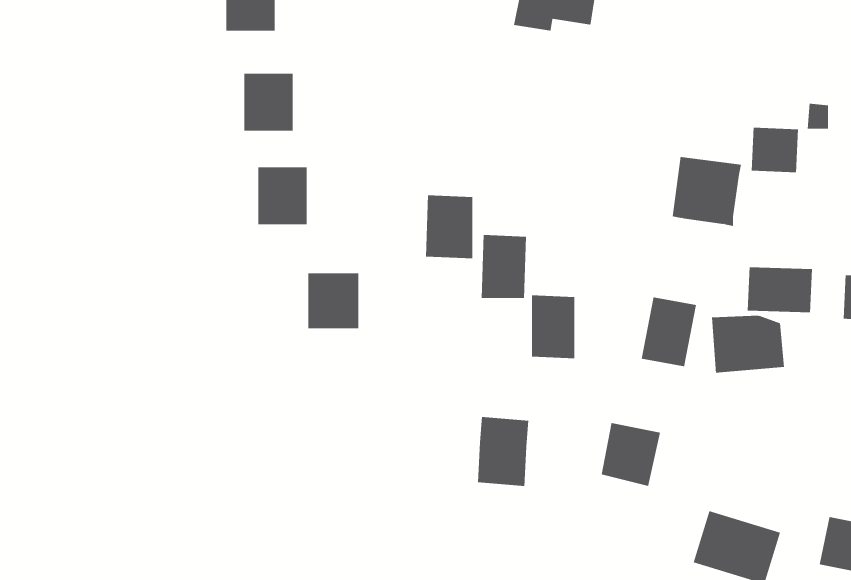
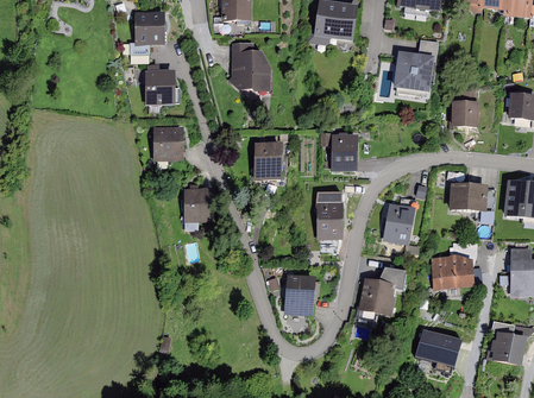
building: none -> [232,43,271,93]
building: [672,157,742,226] -> [394,51,435,93]
building: [481,234,527,298] -> [332,133,359,171]
building: [711,315,785,373] -> [432,255,476,290]

